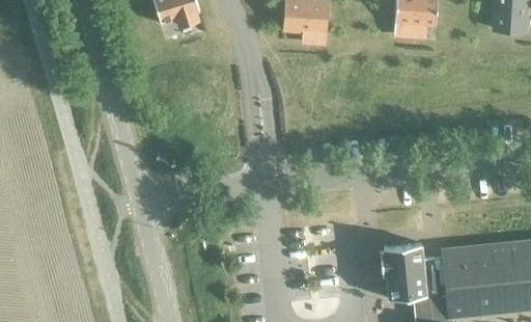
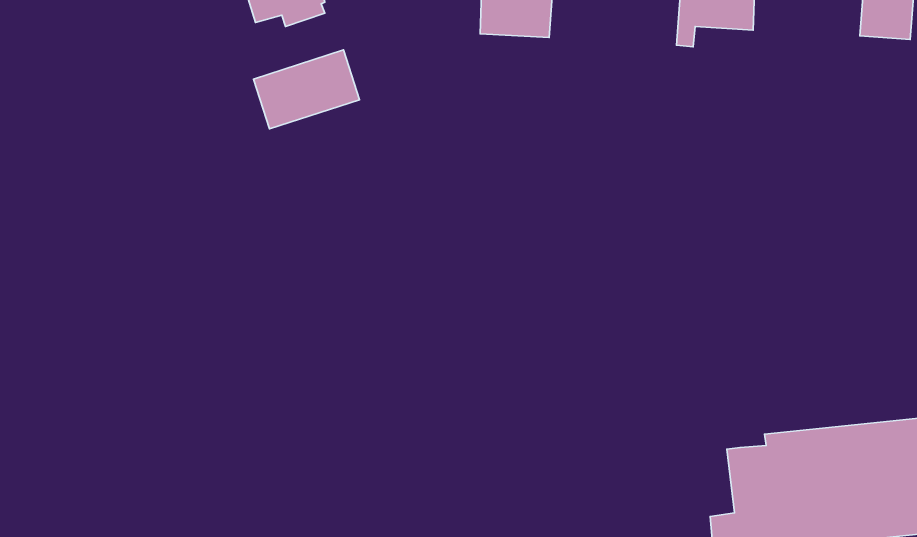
building: none -> [254,50,359,129]
building: [380,244,426,299] -> none

